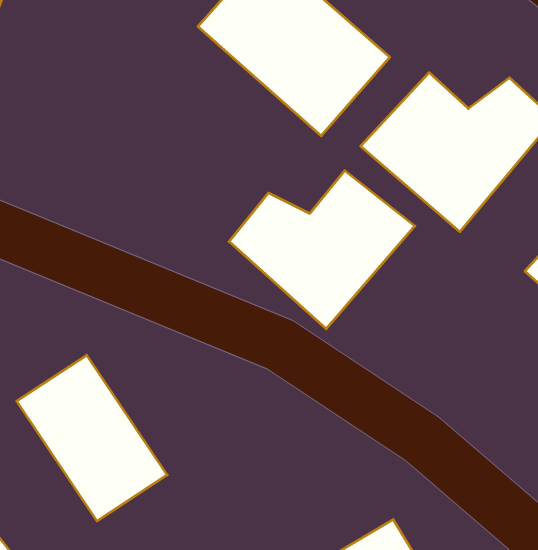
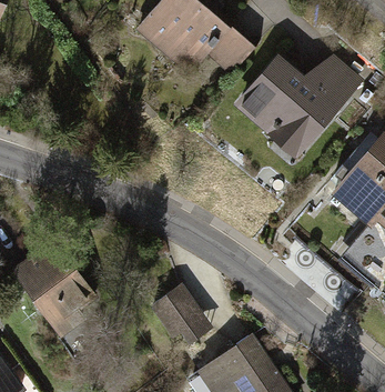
building: [229,171,415,329] -> none
building: none -> [143,284,210,348]

